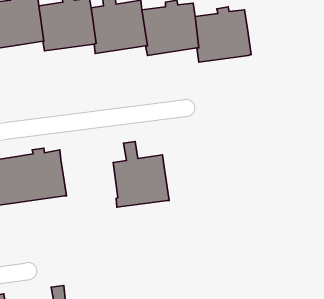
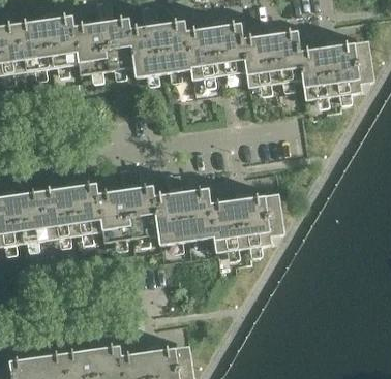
building: none -> [300,41,373,101]
building: none -> [97,170,159,243]
building: none -> [210,193,283,253]

